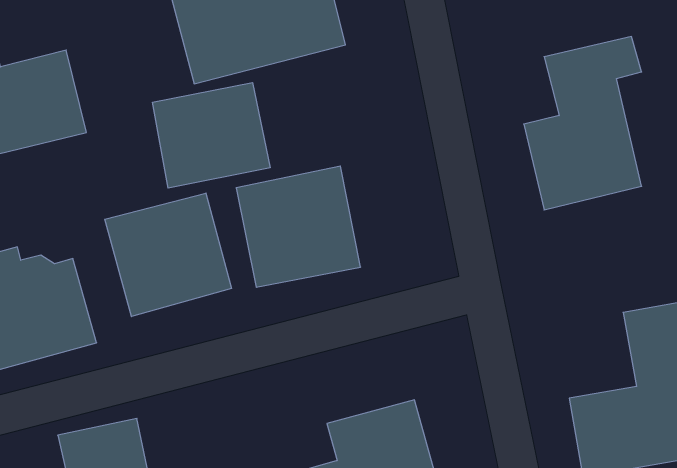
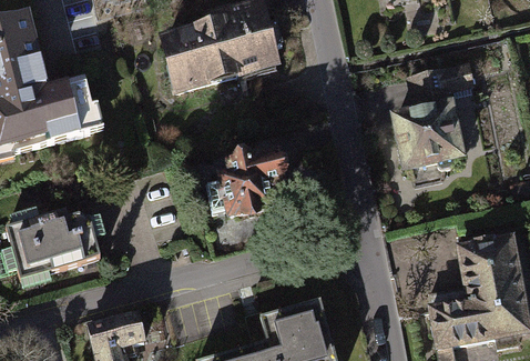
building: [153,83,270,188] -> none
building: [105,193,232,317] -> none

